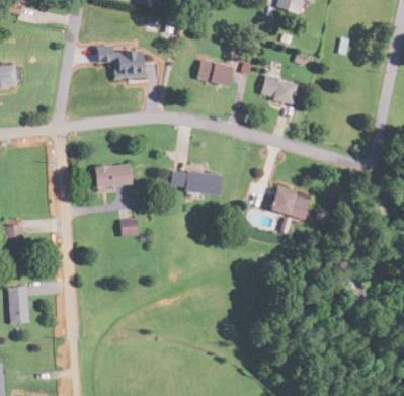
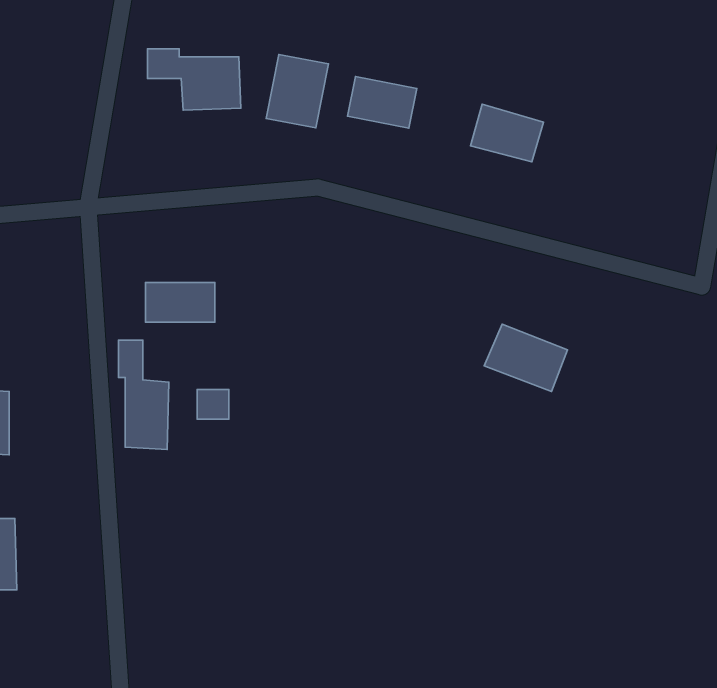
building: none -> [266,54,328,128]
building: [170,168,222,194] -> none
building: none -> [119,340,169,449]

